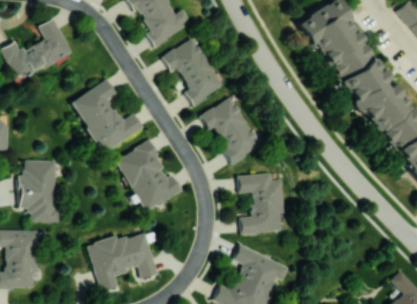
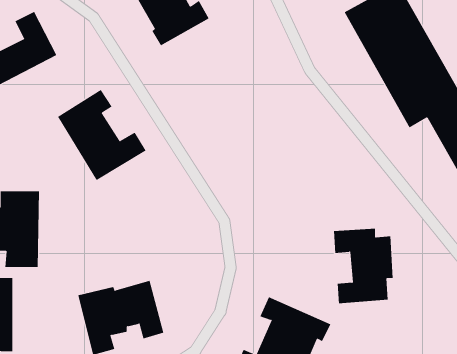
building: [162,37,225,106] -> none
building: [199,97,261,165] -> none
building: [115,142,181,212] -> none
building: [237,174,285,234] -> [333,228,394,304]

